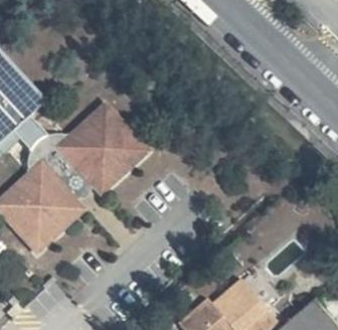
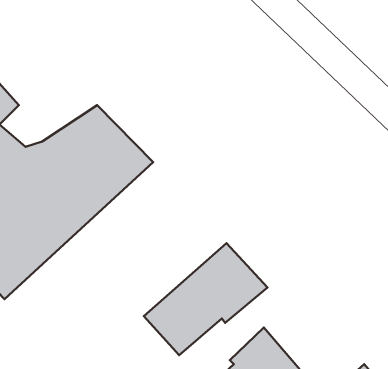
building: none -> [144,243,268,355]

